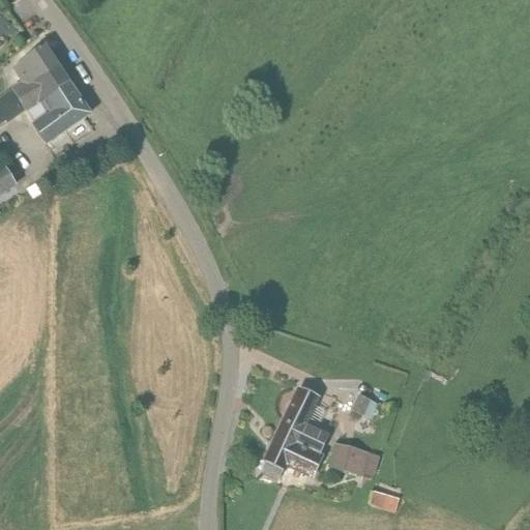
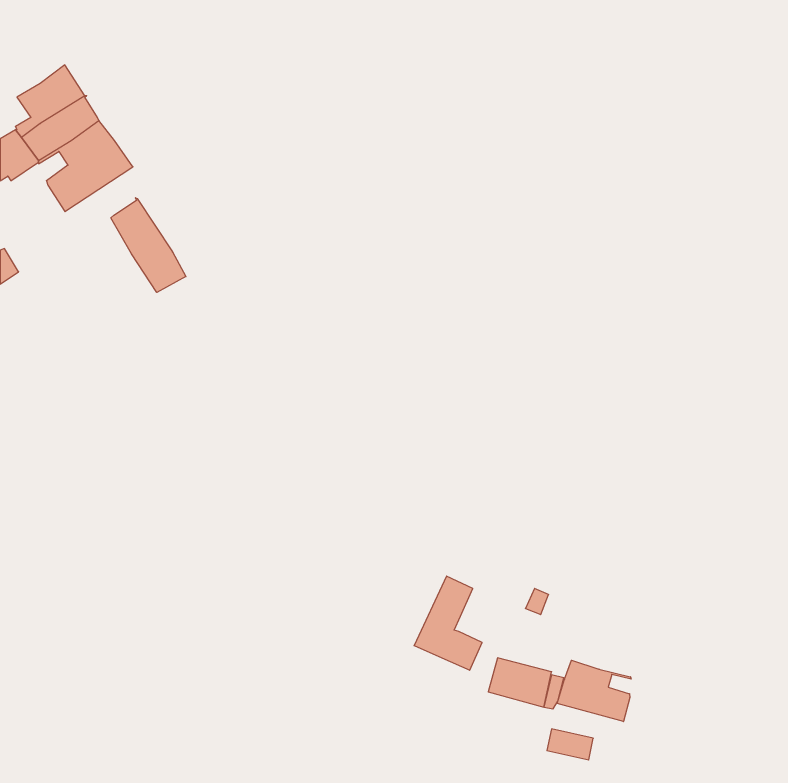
building: none -> [111,198,186,292]
building: [261,433,324,479] -> none
building: none -> [557,660,631,722]

